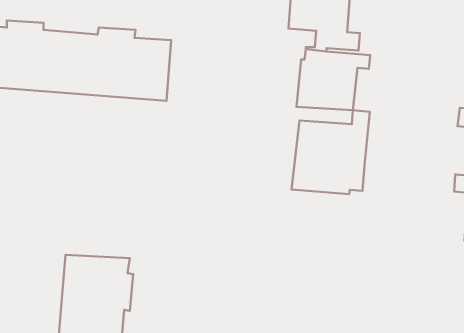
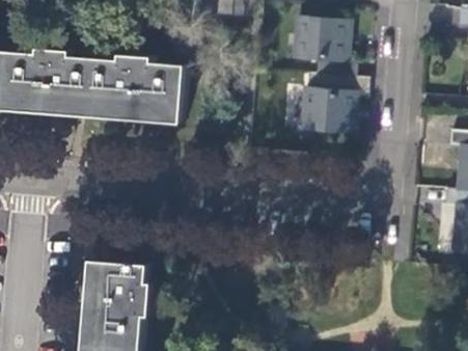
building: [291,110,370,194] -> none

